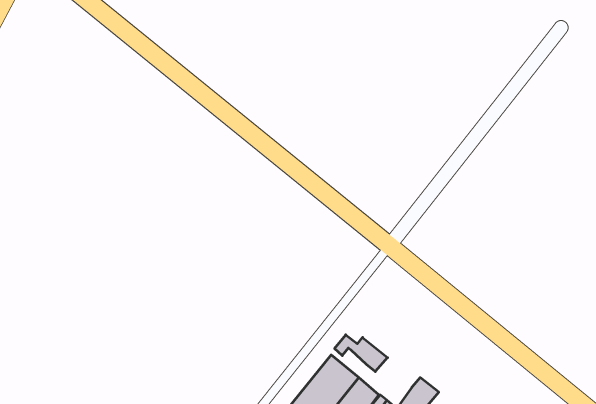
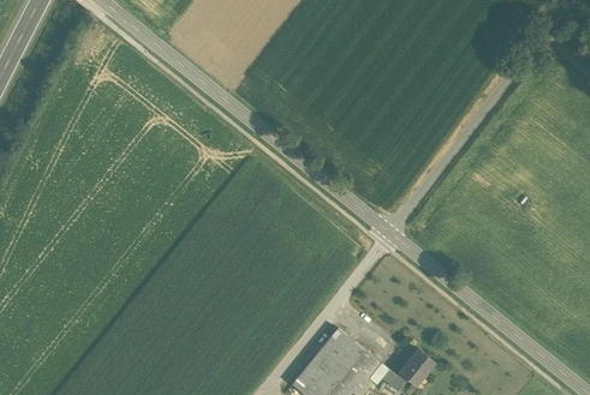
building: [335,335,388,372] -> none

